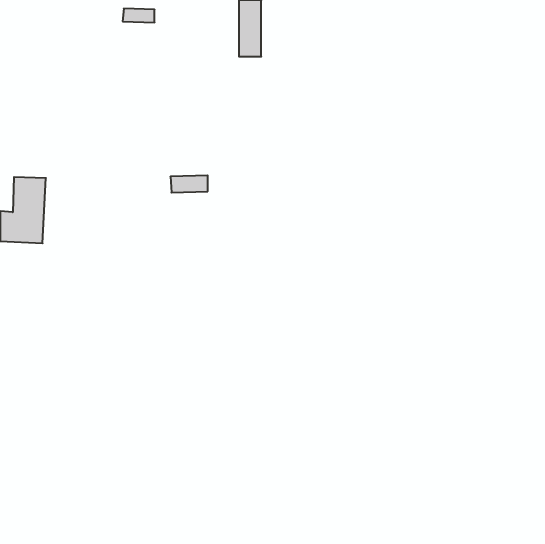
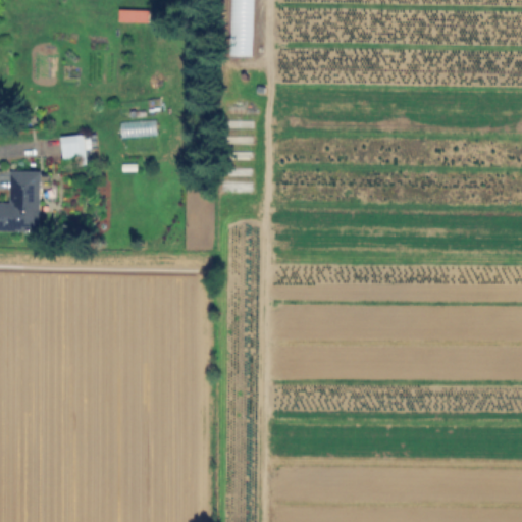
building: none -> [63,135,92,169]
building: [170,175,208,193] -> [119,120,155,137]

